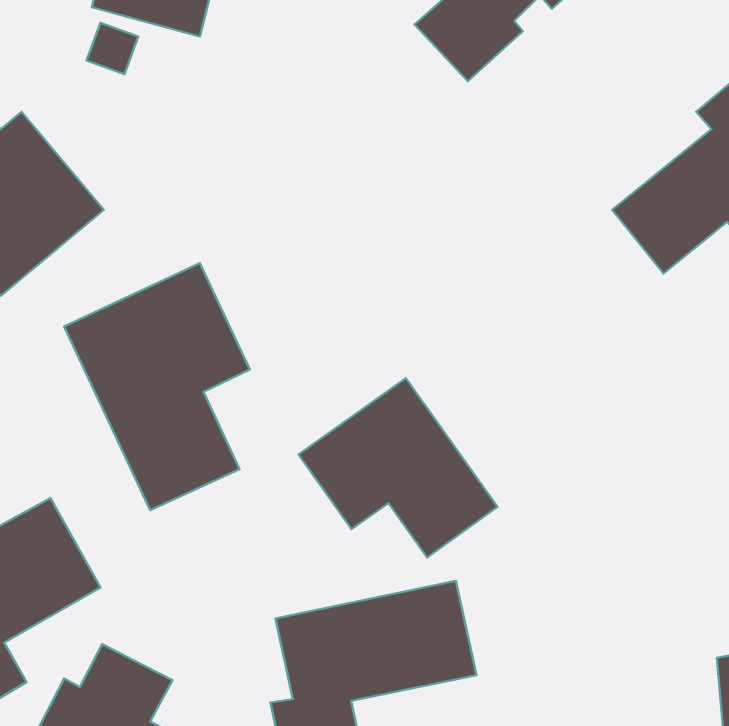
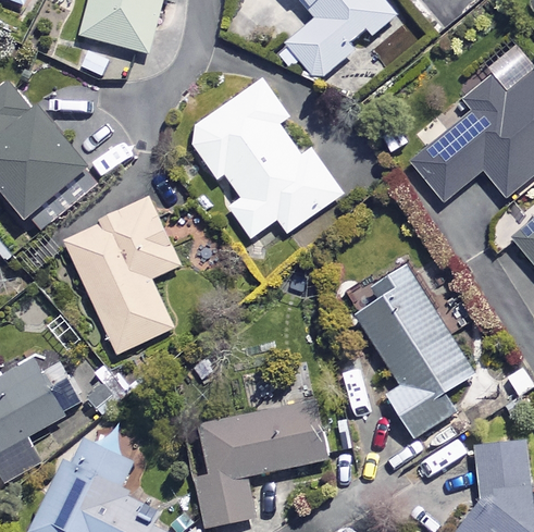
building: none -> [191,77,344,238]
building: none -> [344,259,474,437]
building: [298,378,497,557] -> none

